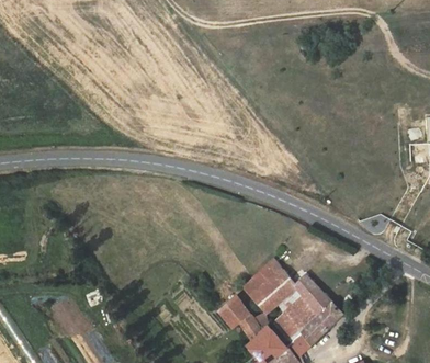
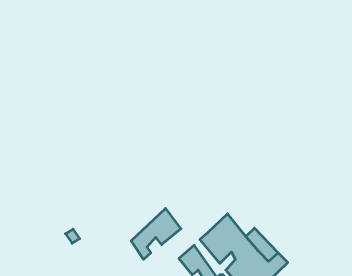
building: none -> [131,208,181,259]

